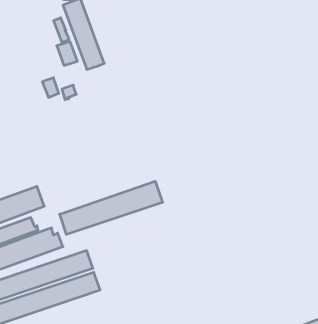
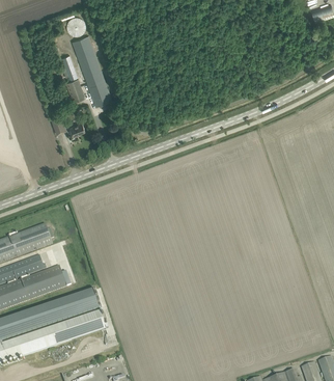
building: [60,181,163,234] -> none

